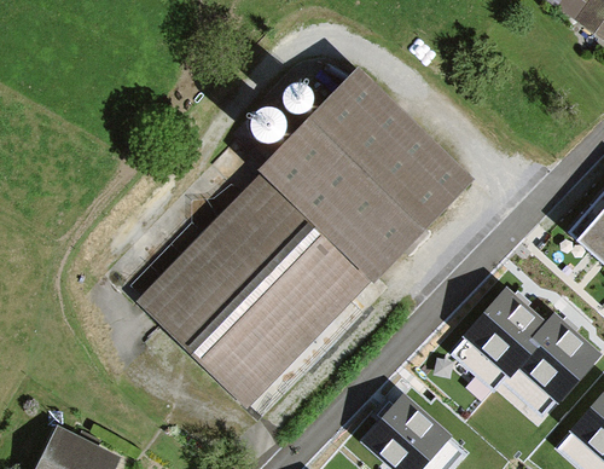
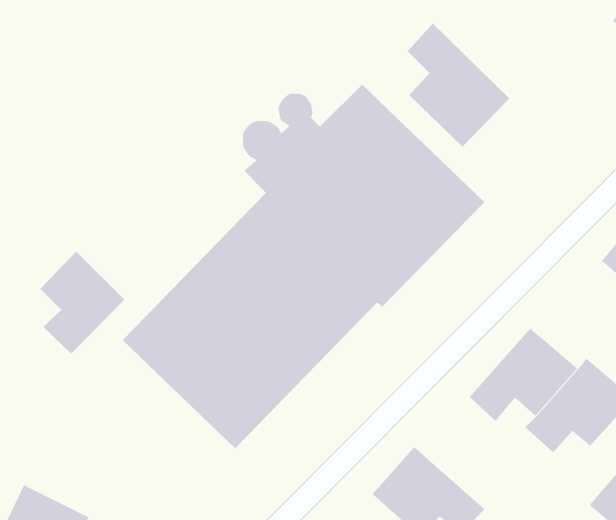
building: none -> [407,23,510,147]
building: none -> [39,251,125,355]

